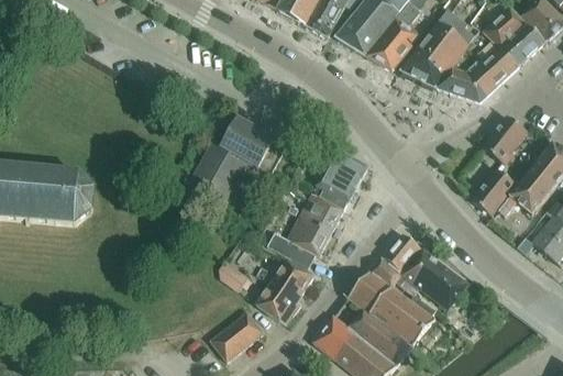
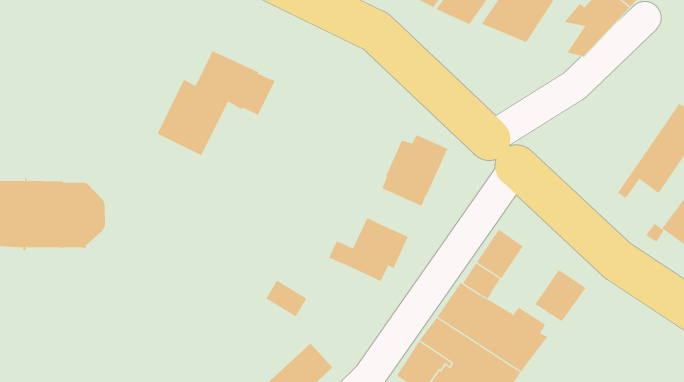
building: [437,67,482,97] -> none
building: [483,115,527,164] -> none
building: [189,119,286,201] -> [157,51,276,156]
building: [472,166,516,214] -> none
building: [299,192,343,233] -> none
building: [401,250,448,297] -> none
building: [256,261,313,324] -> none

